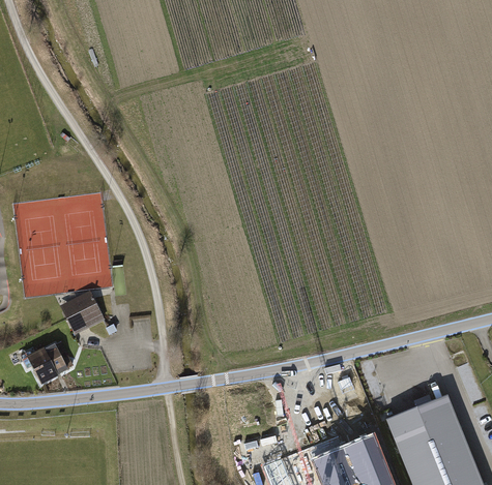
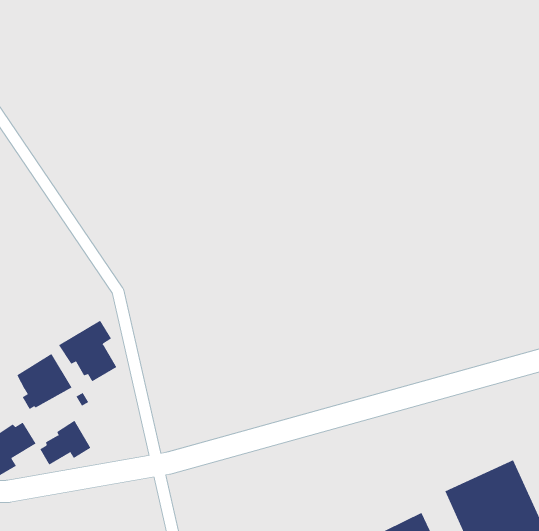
building: none -> [58,320,117,382]
building: none -> [40,420,91,465]

